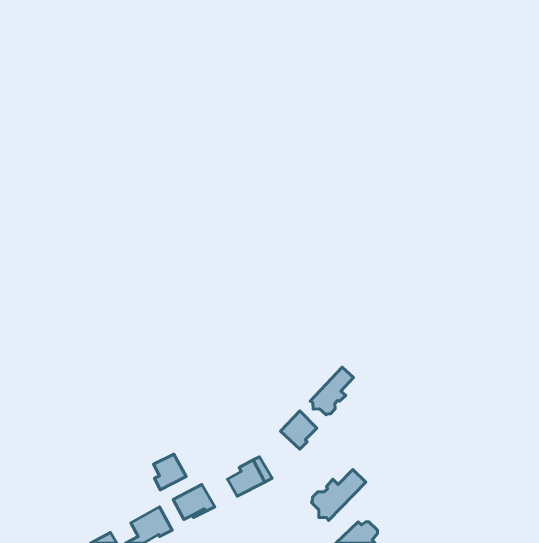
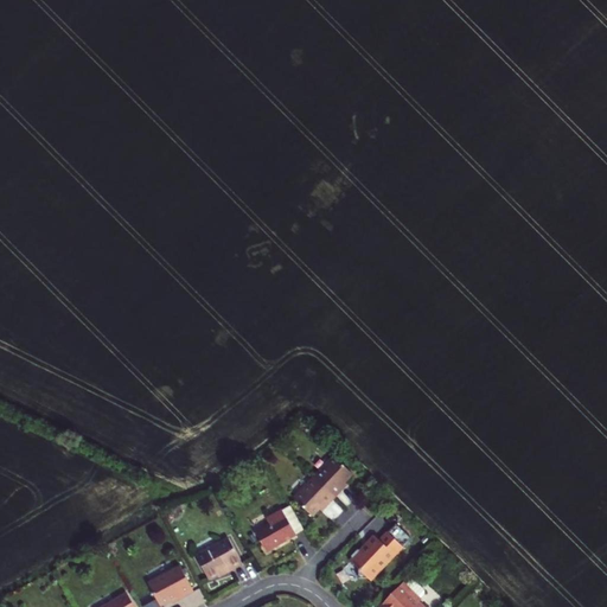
building: [310,367,353,415] -> none
building: none -> [294,480,334,519]
building: [154,454,186,490] -> none

